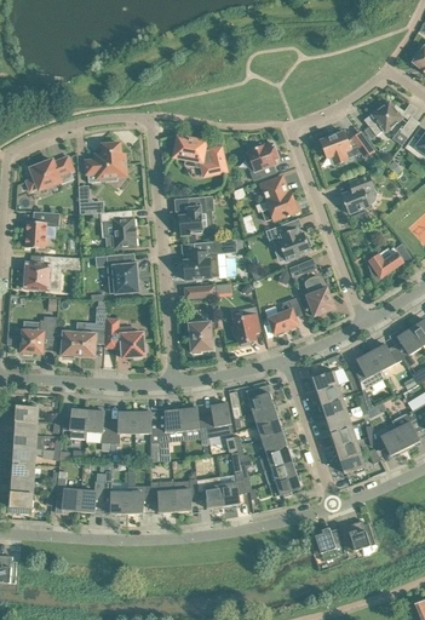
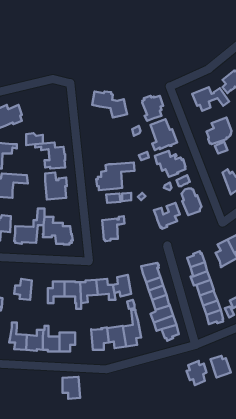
building: [85,143,126,182] -> none
building: [179,196,213,235] -> none
building: [232,306,260,346] -> none
building: [85,411,110,452] -> none
building: [150,481,176,512] -> [62,377,80,399]

